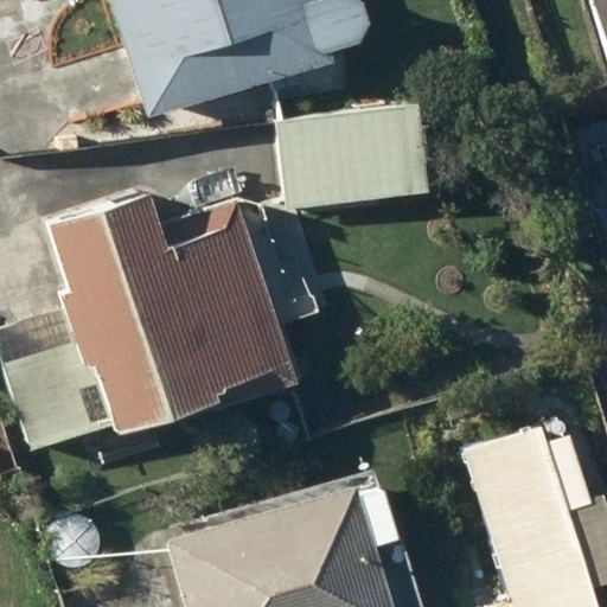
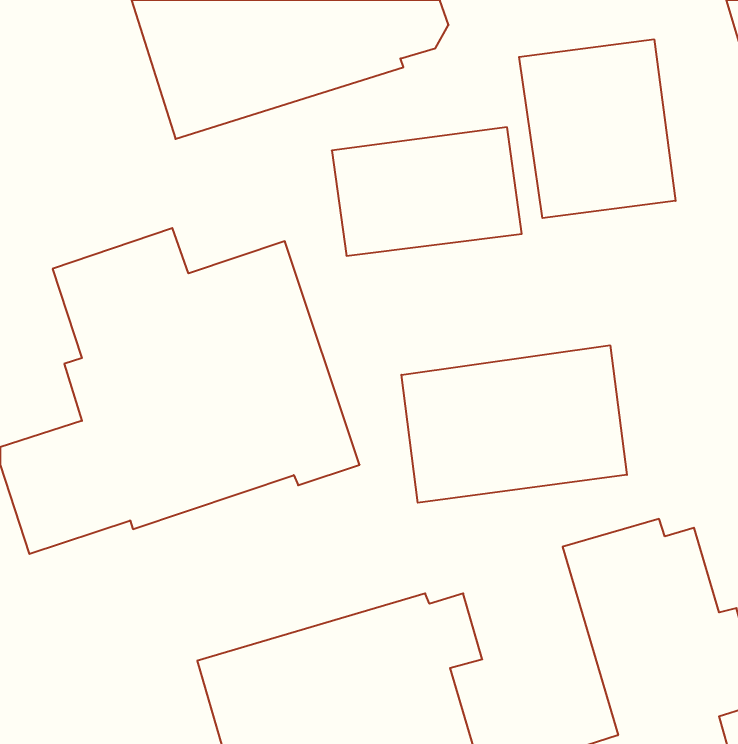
building: none -> [519,39,676,218]
building: none -> [401,345,627,503]

